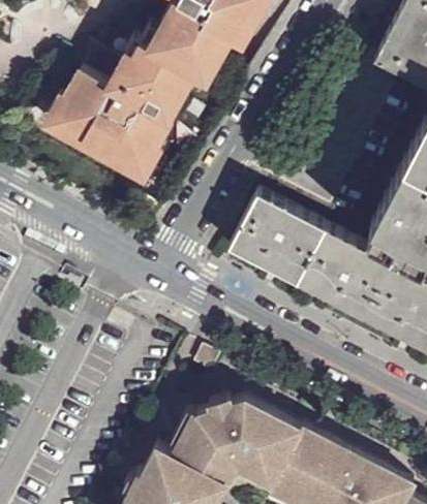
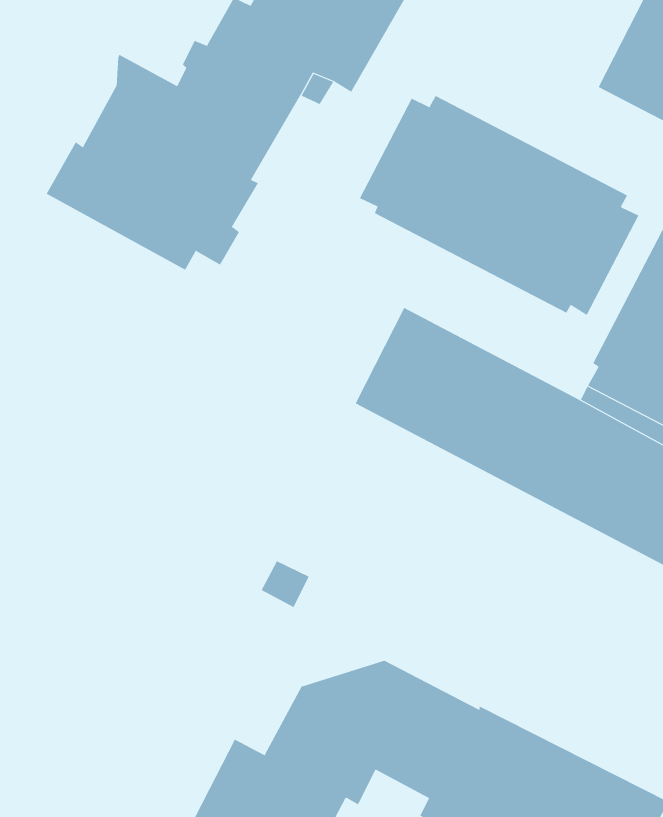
building: none -> [359,95,639,316]

